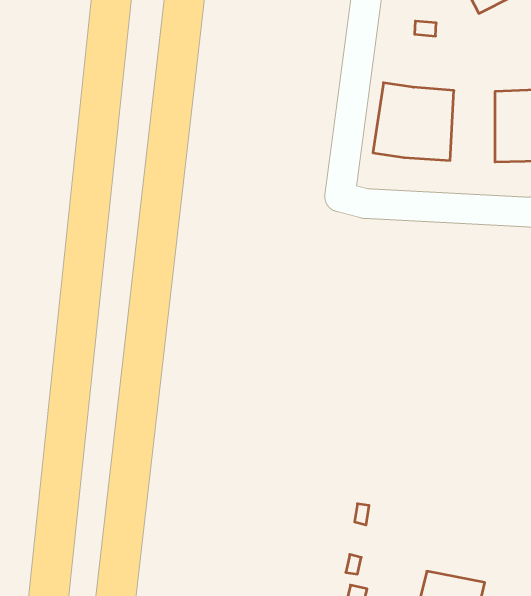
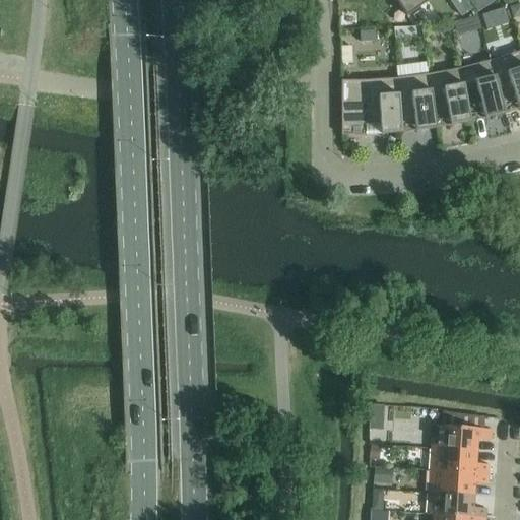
building: none -> [397,74,437,132]
building: none -> [432,412,493,451]

